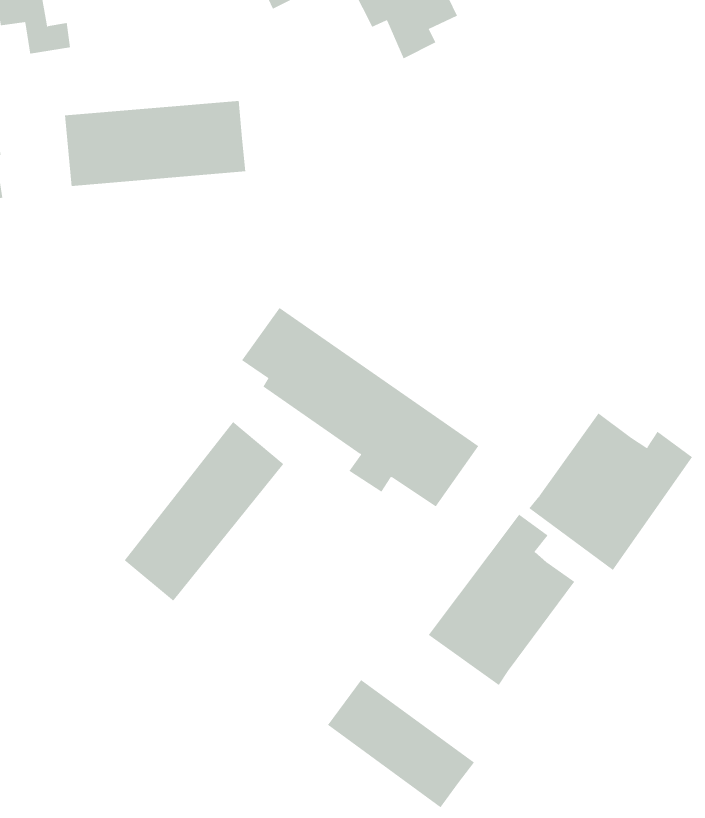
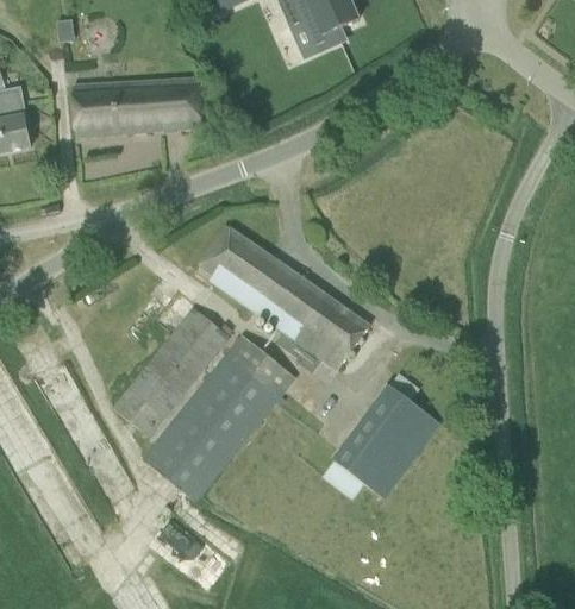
building: [528,413,693,571] -> none
building: none -> [143,334,295,501]
building: [327,679,475,808] -> none

